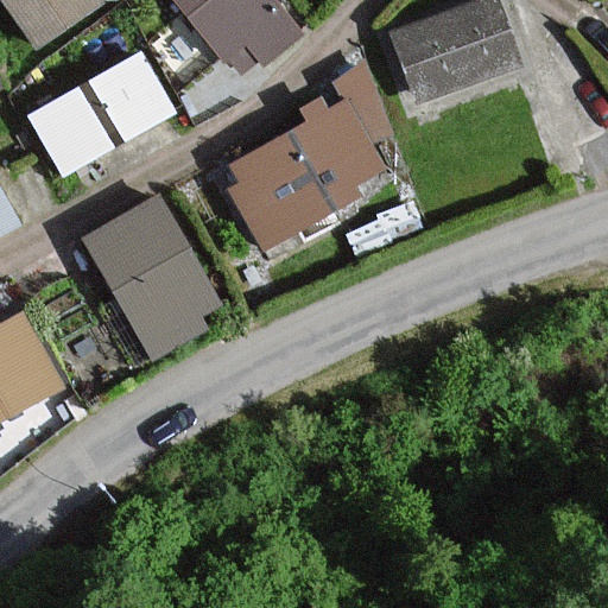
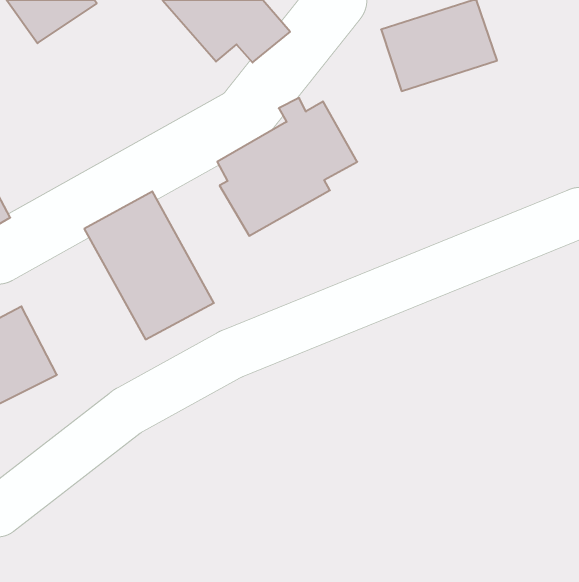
building: [33,52,176,171] -> none

